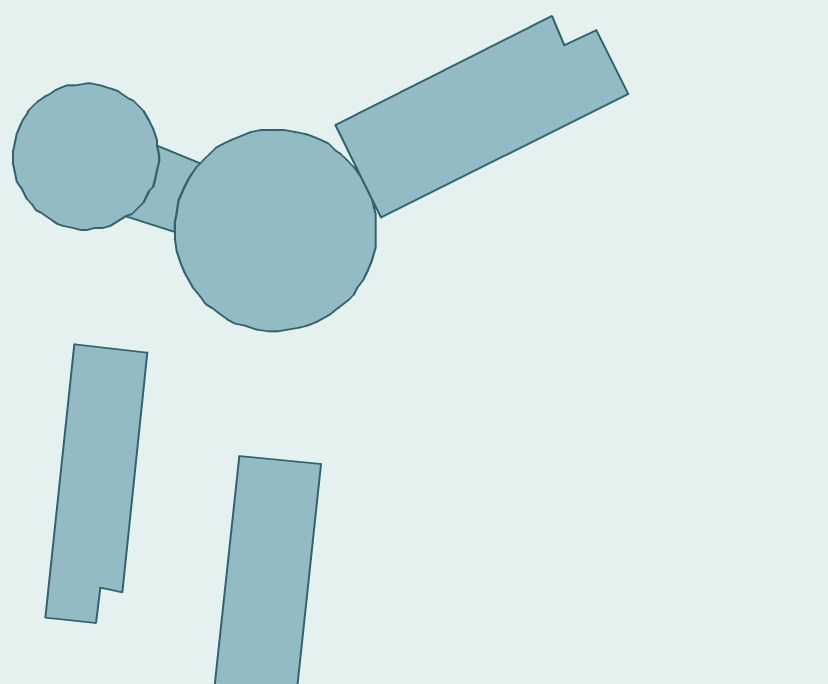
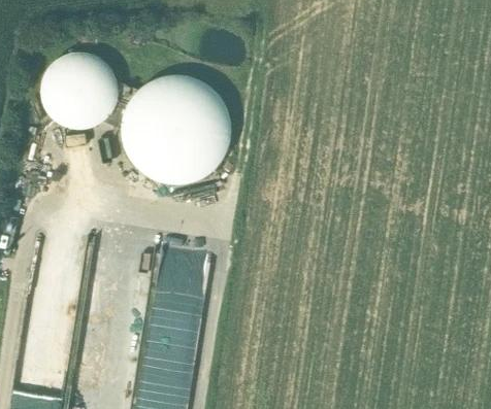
building: [336,16,628,218] -> none
building: [46,344,147,623] -> none

